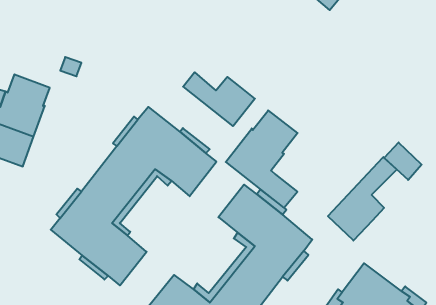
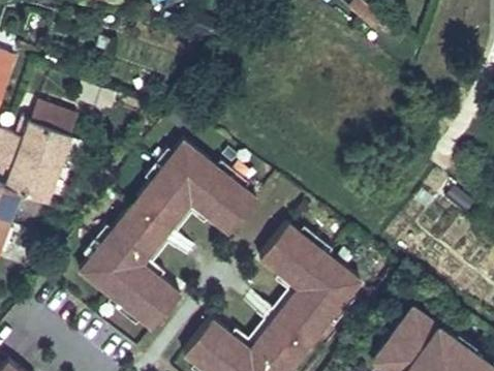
building: [183,72,255,126] -> none
building: [226,110,298,208] -> none
building: [328,157,397,241] -> none

